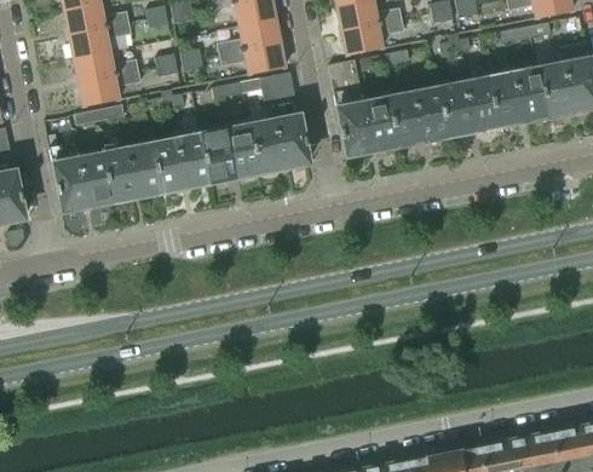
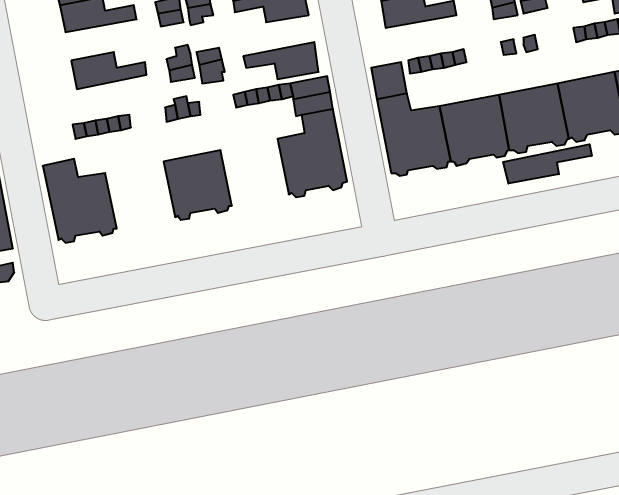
building: [217,19,280,54] -> none
building: [340,19,403,54] -> none
building: [68,23,129,58] -> none
building: [77,70,139,107] -> none
building: [200,125,258,184] -> none
building: none -> [503,144,592,184]
building: [102,144,161,203] -> none

